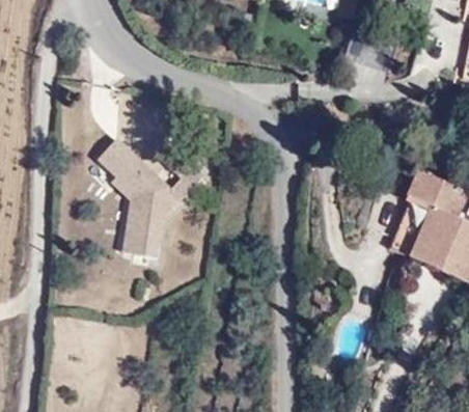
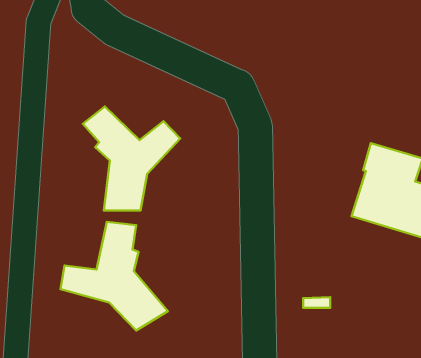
building: none -> [60,222,168,331]

